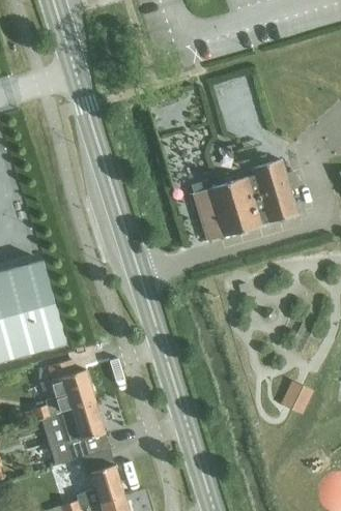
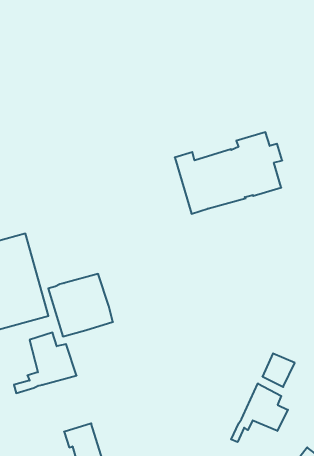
building: [44,402,108,464] -> [48,274,113,336]
building: none -> [231,383,288,442]

